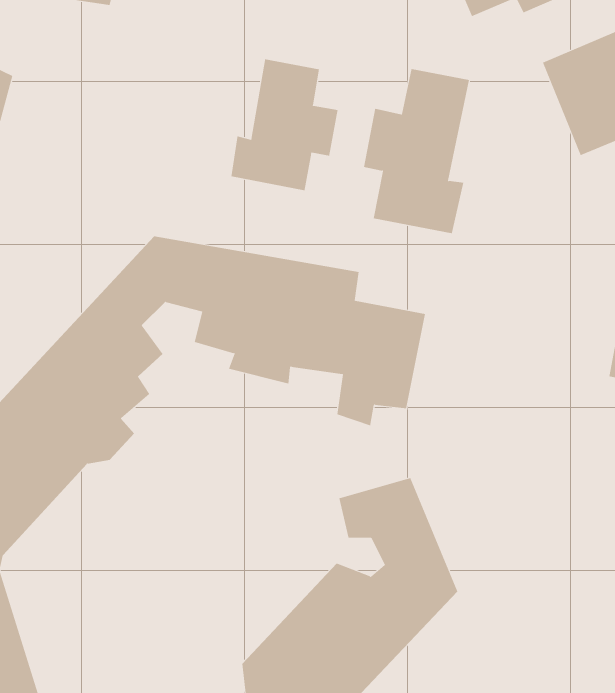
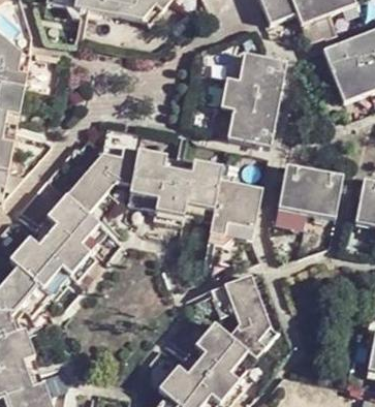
building: [231,58,338,191] -> none
building: none -> [279,167,332,219]

